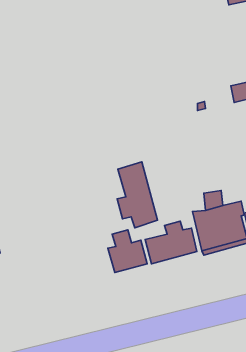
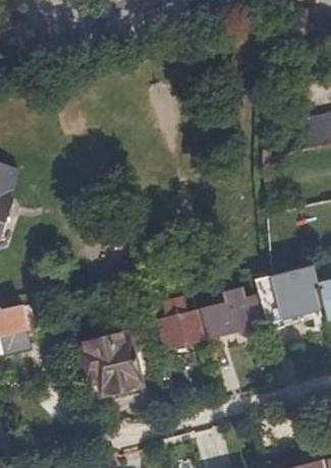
building: [117,162,157,228] -> none
building: none -> [70,332,139,397]

